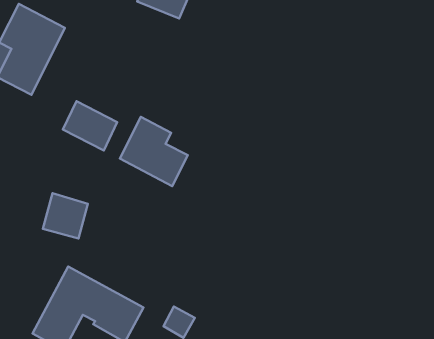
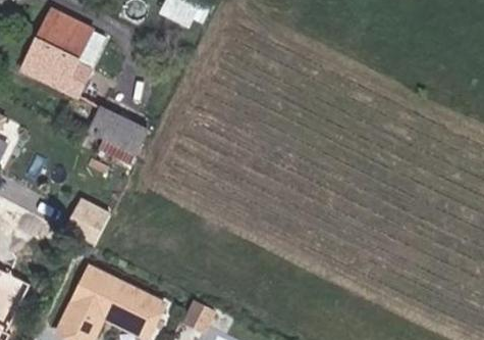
building: [120,117,188,186] -> none

